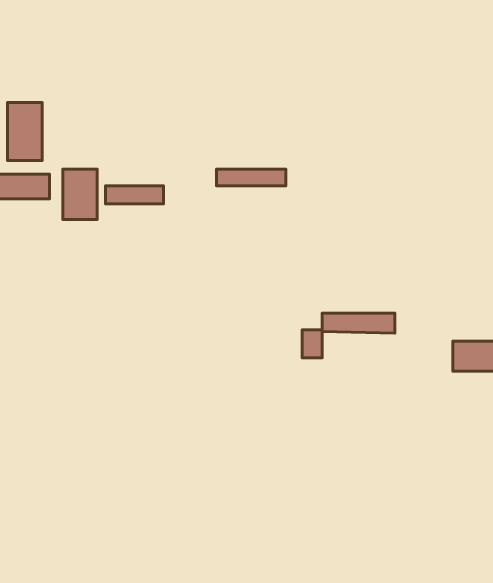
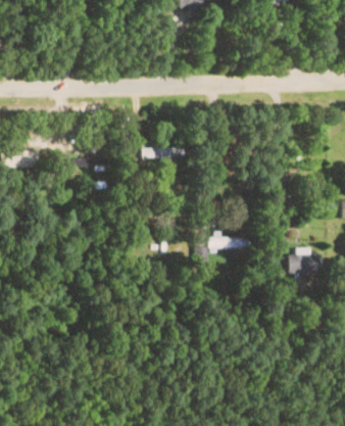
building: [7,103,42,161] -> none
building: [63,169,97,220] -> none

